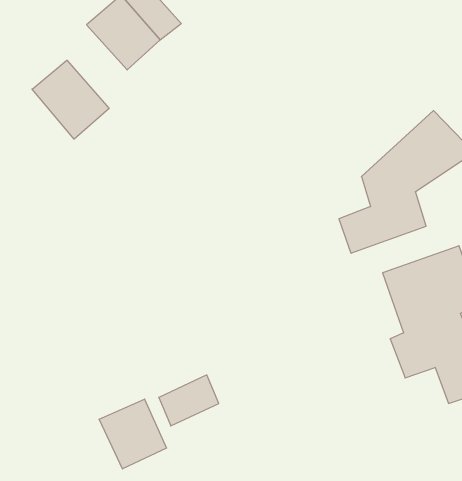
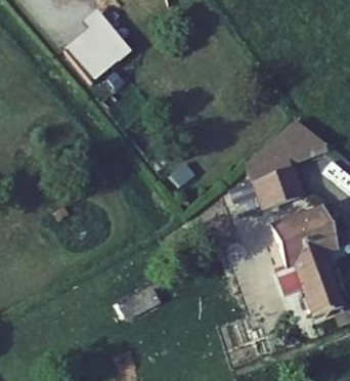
building: [32,60,109,139] -> none
building: [99,399,167,469] -> none

